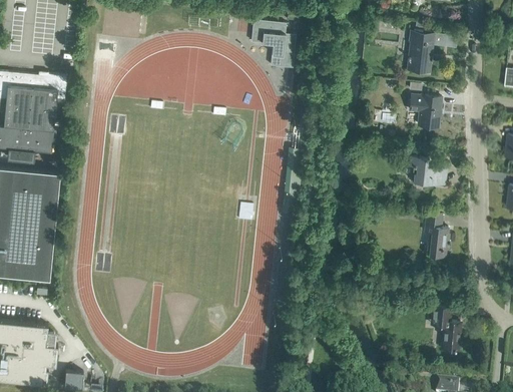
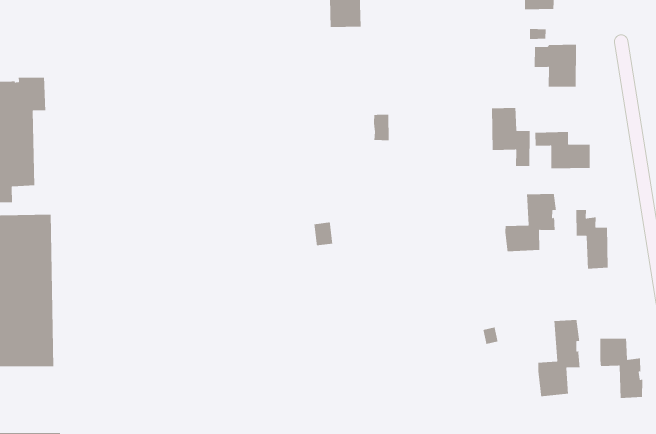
building: none -> [491,107,530,167]
building: none -> [505,193,557,252]
building: none -> [537,319,580,397]

